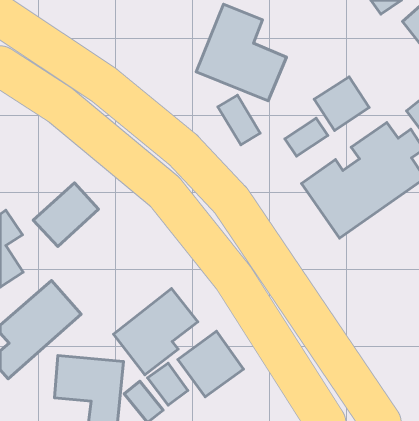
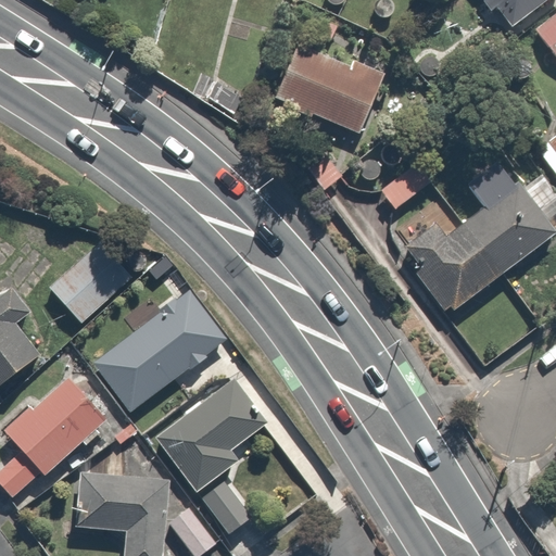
building: [314,77,369,131] -> none
building: none -> [94,292,223,408]
building: [178,331,244,397] -> none

